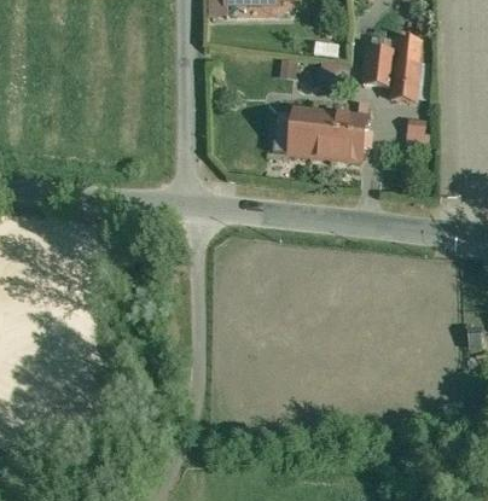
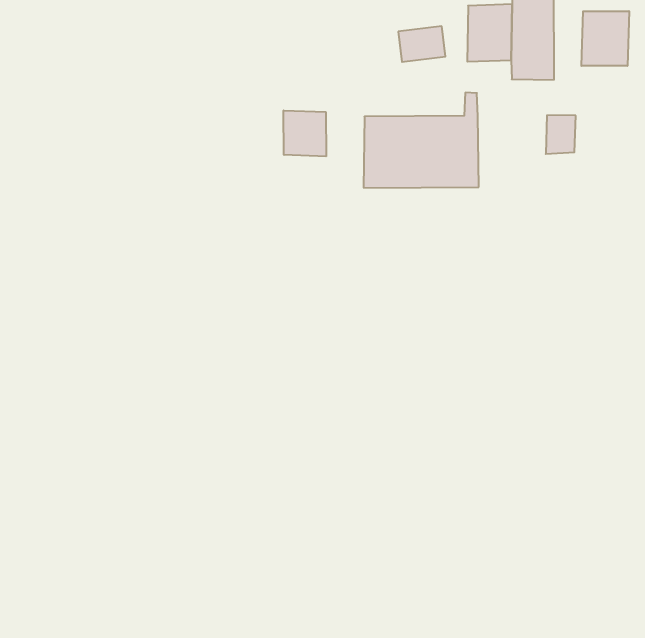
building: none -> [581,11,629,66]
building: none -> [284,110,326,156]

